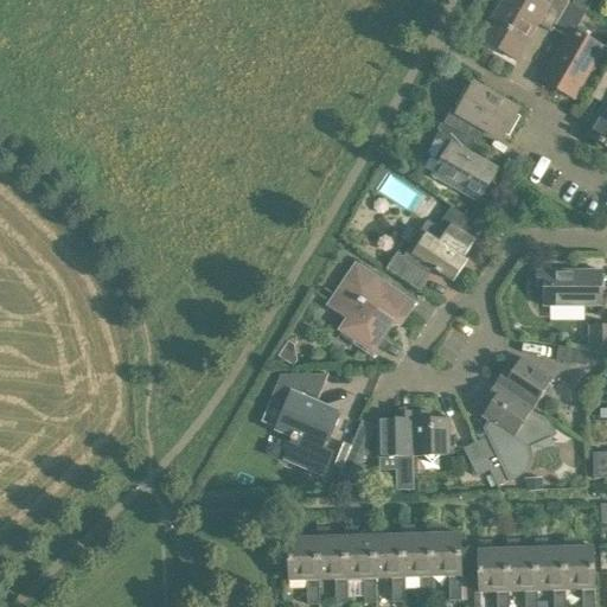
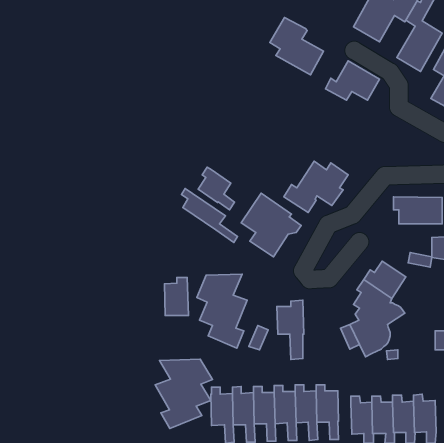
building: [424,121,498,199] -> [270,17,324,75]
building: none -> [198,167,235,210]
building: none -> [181,189,238,242]
building: none -> [164,278,188,315]
building: [414,409,451,455] -> none
building: none -> [155,359,212,428]

